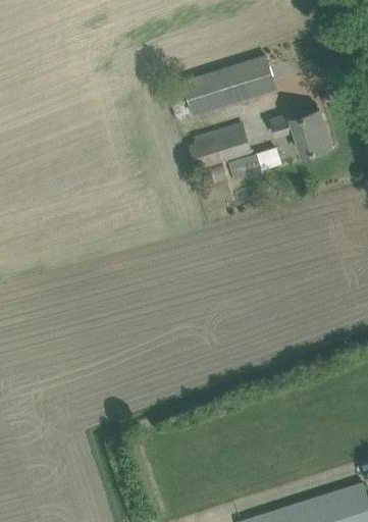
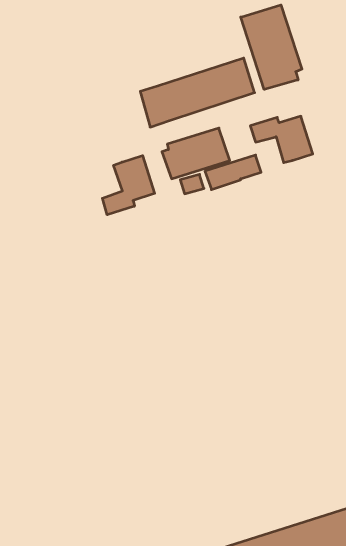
building: none -> [241,5,302,89]
building: none -> [102,156,155,215]

